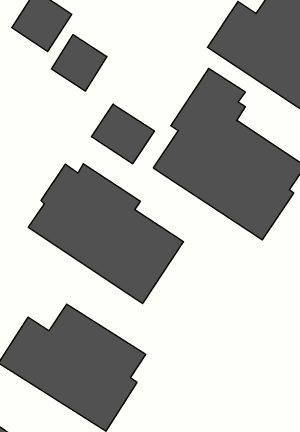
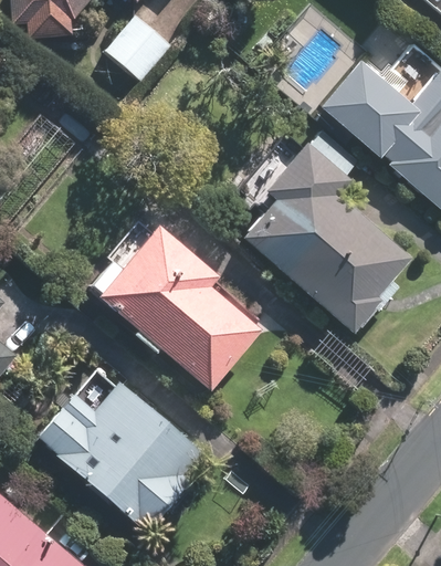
building: [51,35,107,91] -> none
building: [91,104,154,164] -> none

